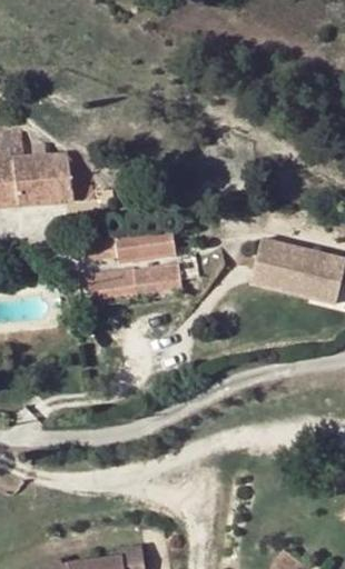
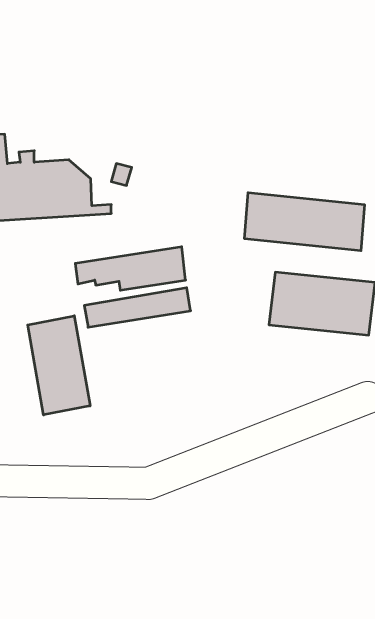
building: none -> [245,193,364,251]
building: none -> [28,316,90,415]

